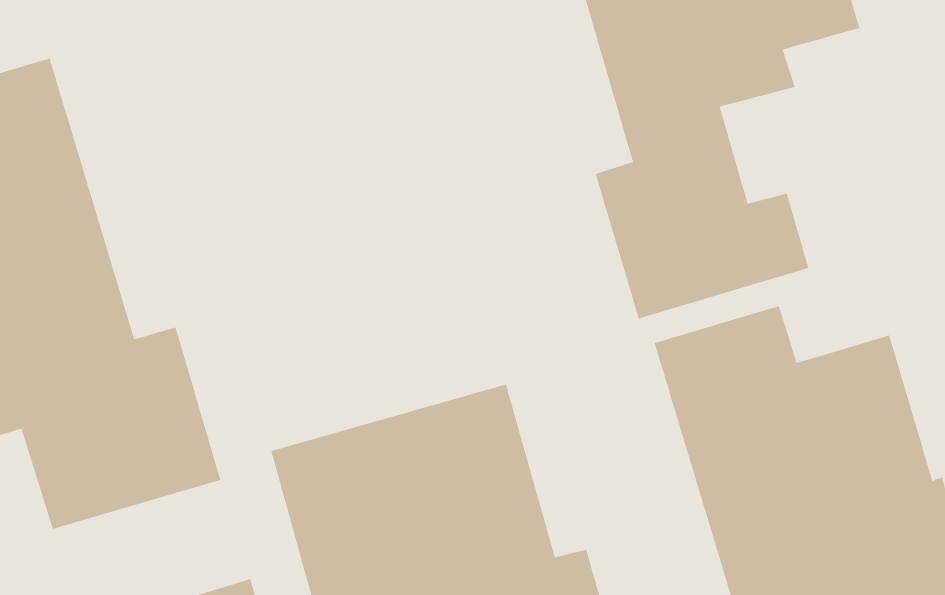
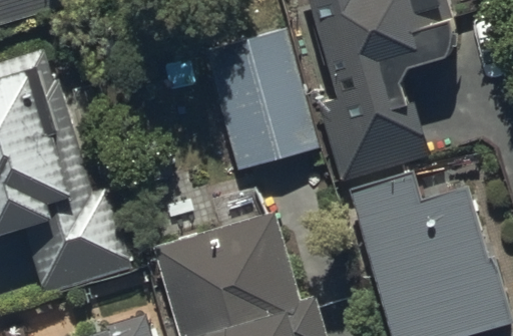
building: none -> [206,30,319,172]

